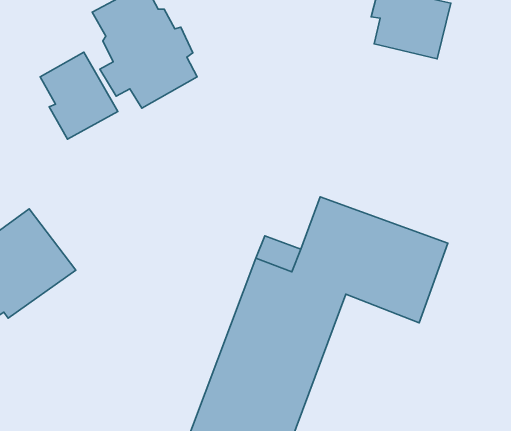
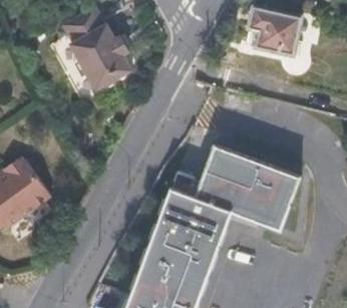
building: [40,52,118,139] -> none

